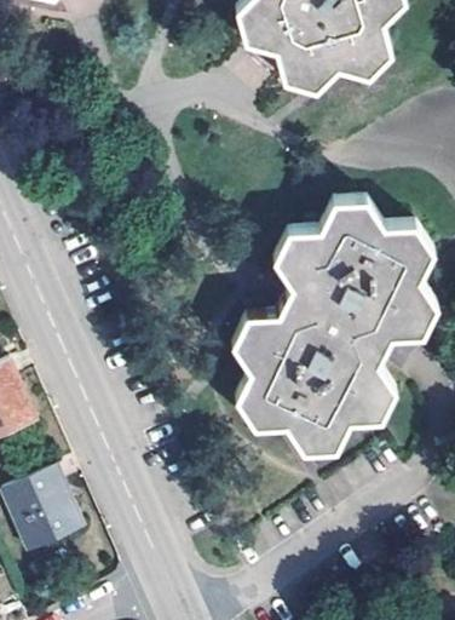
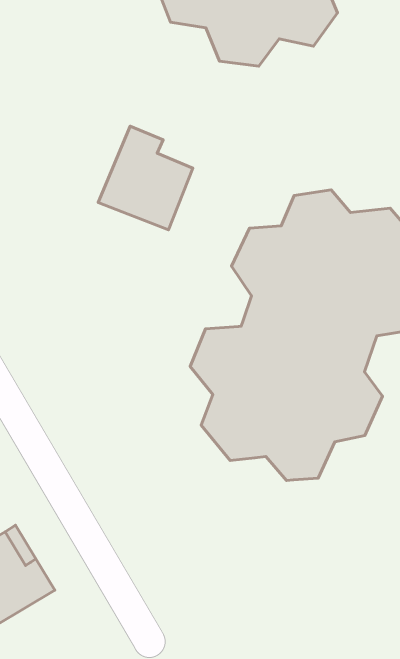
building: none -> [98,126,193,230]

